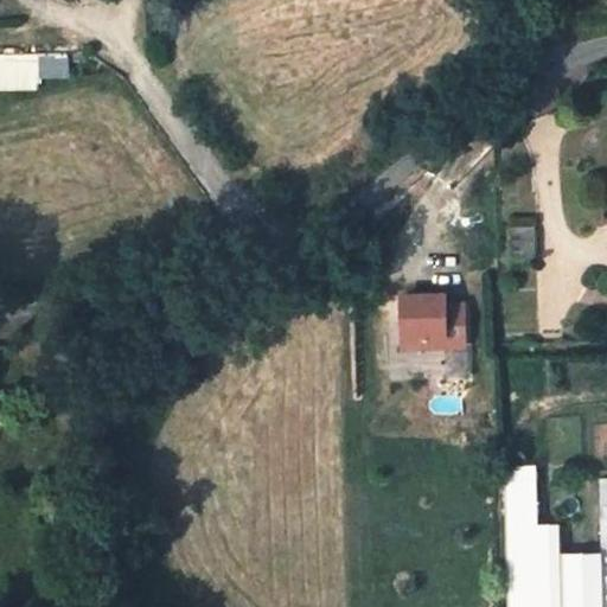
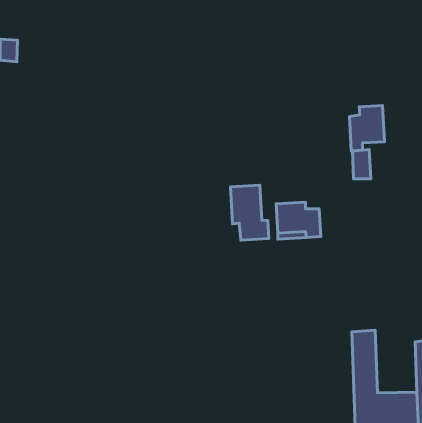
building: none -> [349,105,385,151]
building: none -> [230,185,269,240]

